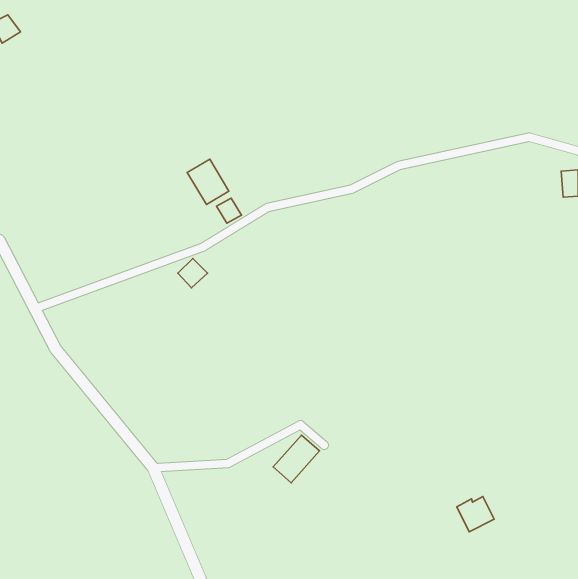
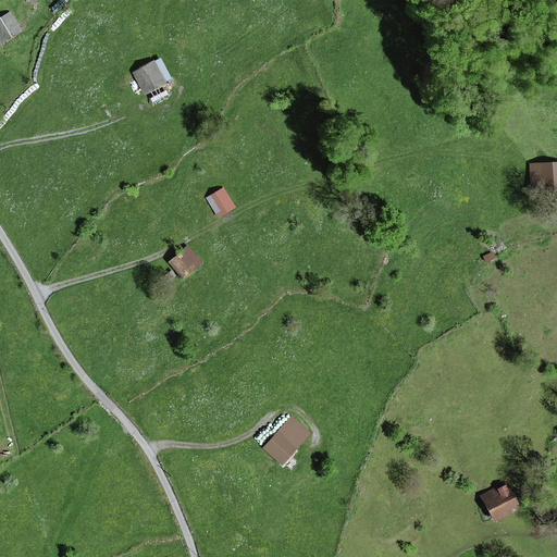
building: none -> [133,62,163,92]
building: [187,159,229,204] -> none
building: [457,497,494,532] -> [482,485,518,519]

